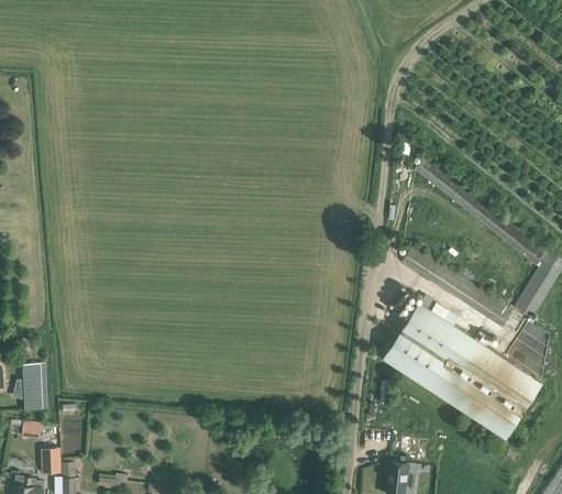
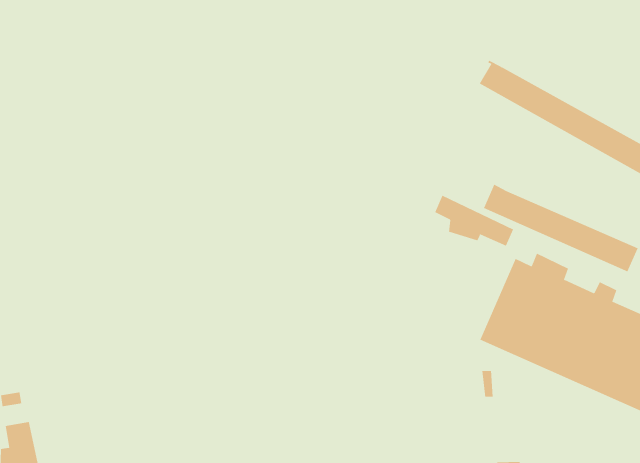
building: none -> [435,195,514,247]

